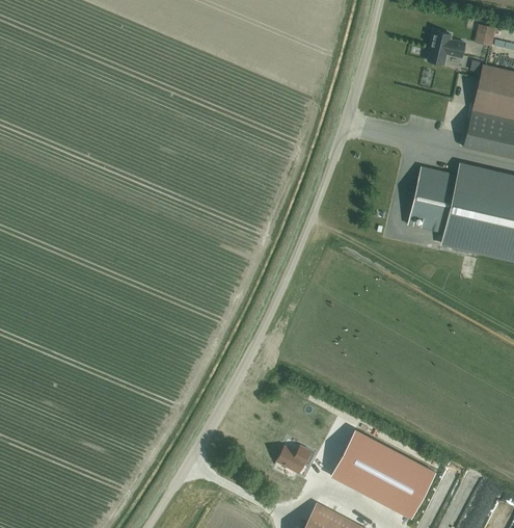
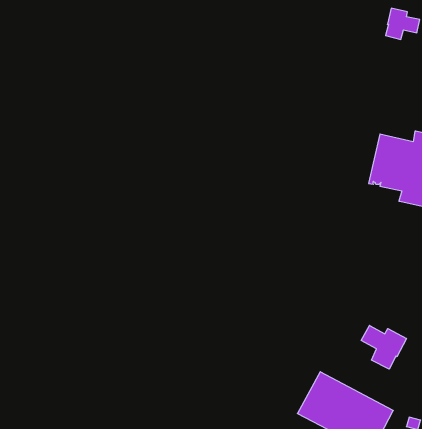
building: none -> [361,325,406,369]
building: [277,447,307,473] -> none

